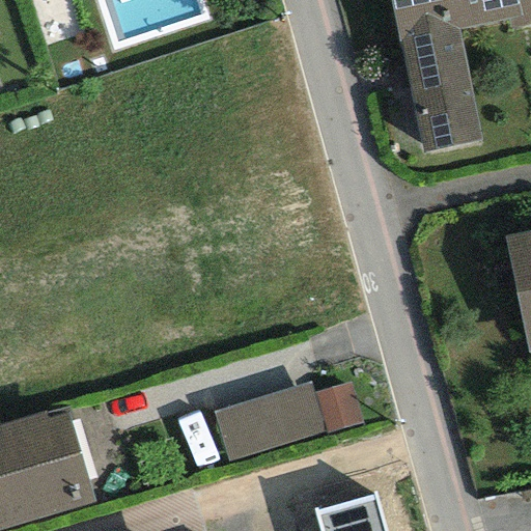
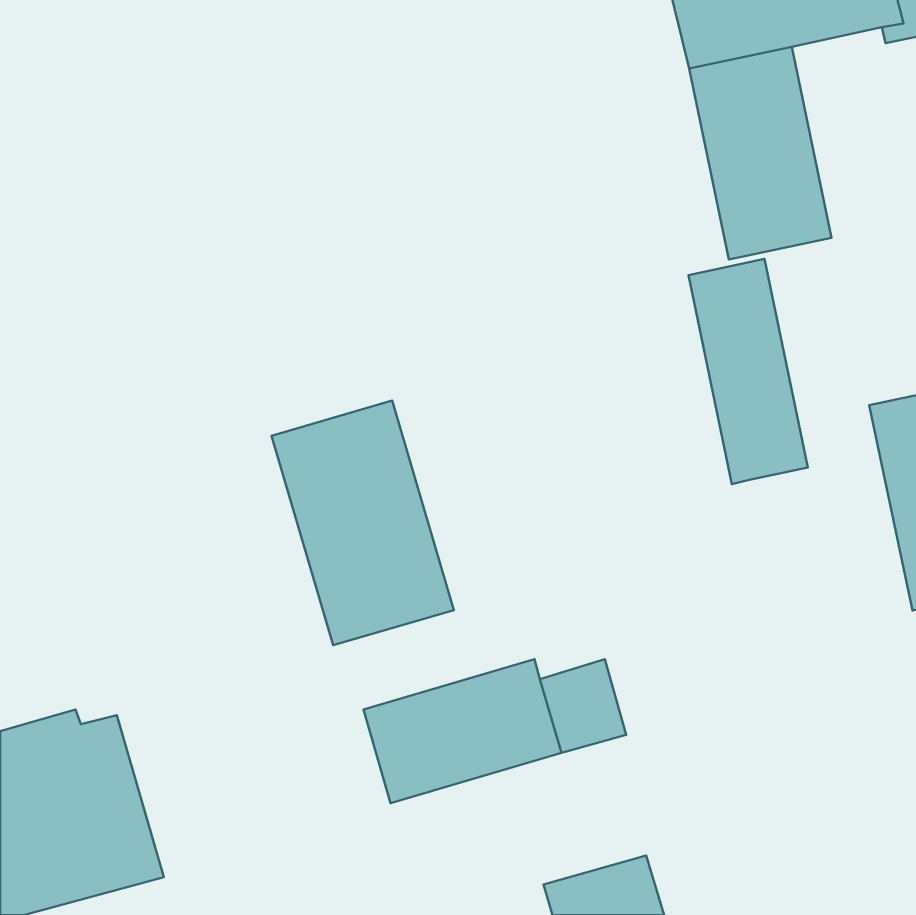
building: none -> [689,259,808,484]
building: none -> [272,401,454,645]

